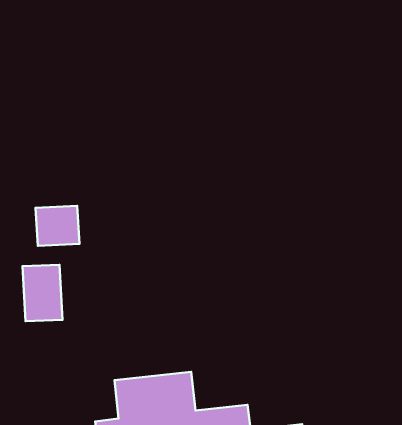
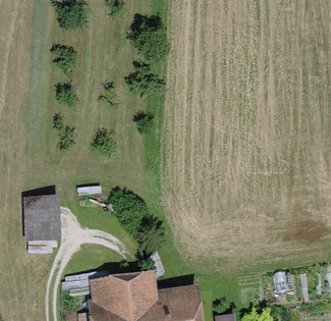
building: [36,206,79,246] -> none

